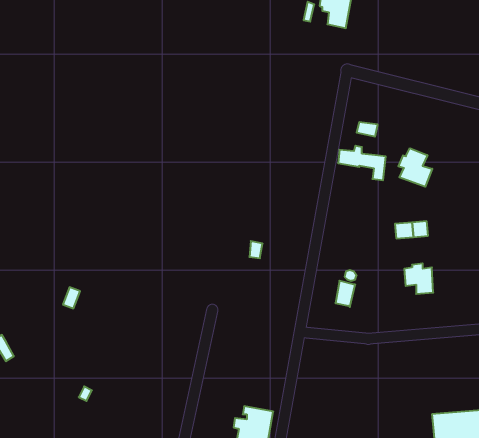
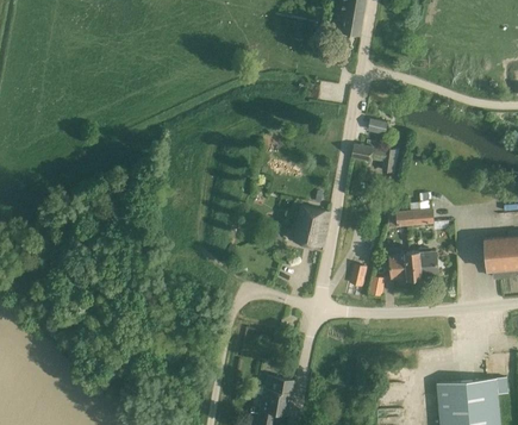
building: [398,148,432,187] -> none
building: none -> [294,206,330,246]
building: none -> [389,252,422,279]

